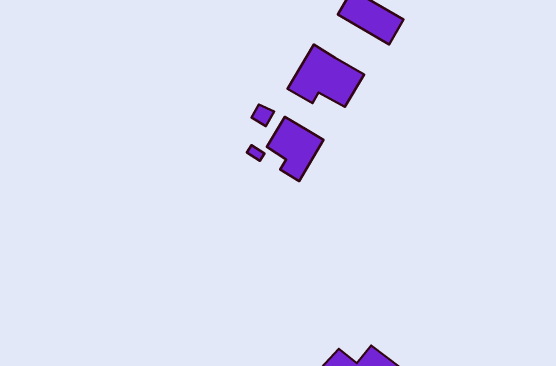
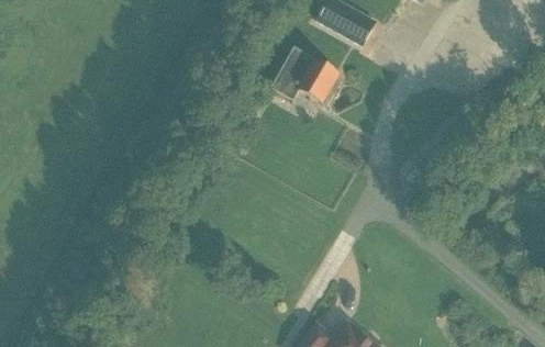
building: [267,117,324,181] -> none

